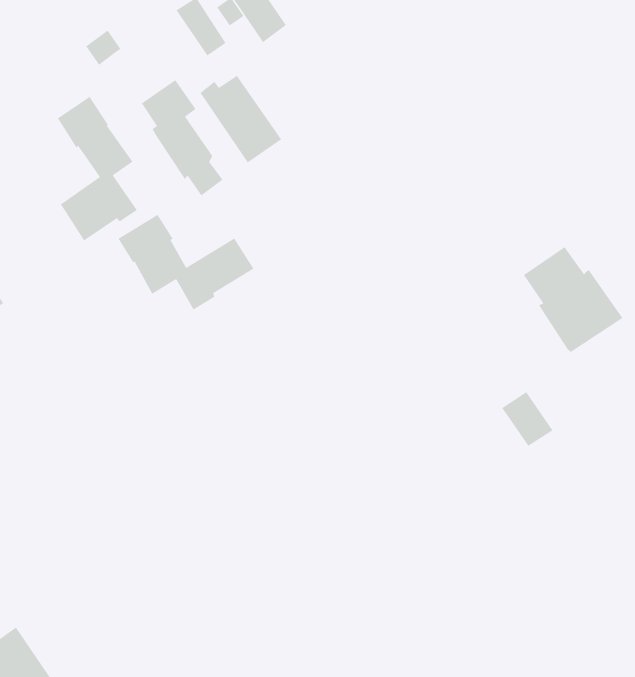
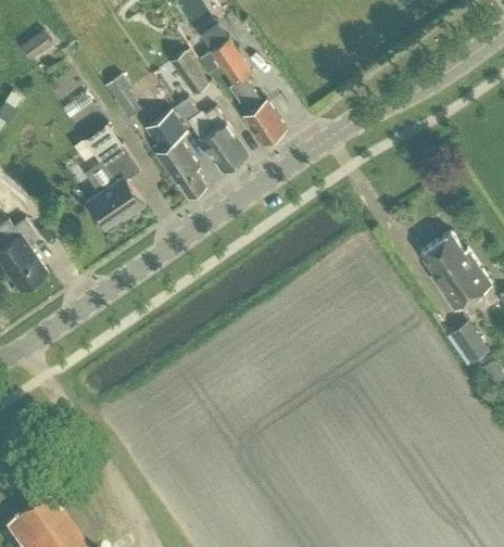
building: none -> [235,86,286,145]
building: [117,214,255,311] -> none
building: [501,391,554,447] -> [451,322,489,362]

